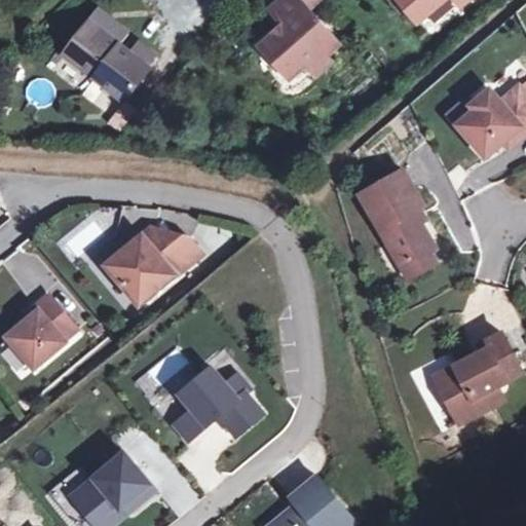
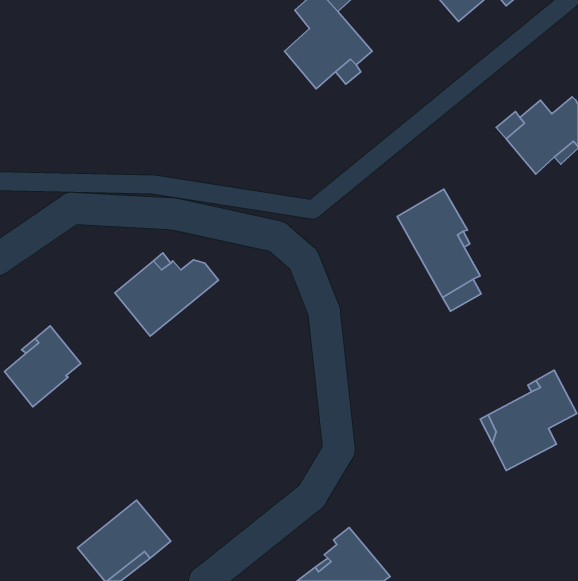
building: [62,11,152,101] -> none
building: [174,366,262,439] -> none

